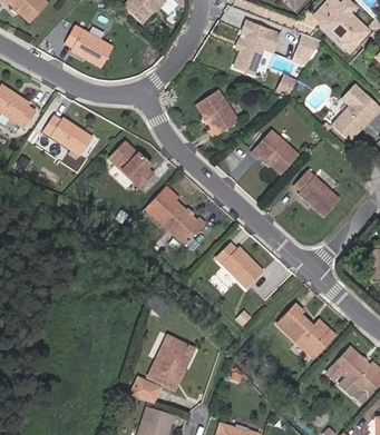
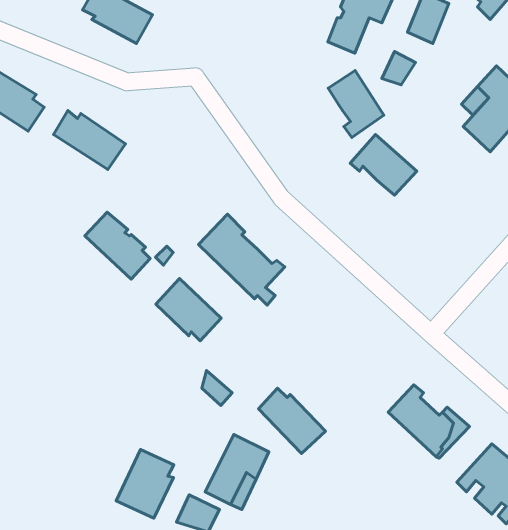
building: [198,90,237,137] -> [328,71,384,138]
building: [108,140,154,187] -> [85,212,150,279]
building: [293,170,339,217] -> none
building: none -> [156,278,221,341]
building: [216,241,263,287] -> [258,388,325,453]
building: none -> [116,449,174,518]

